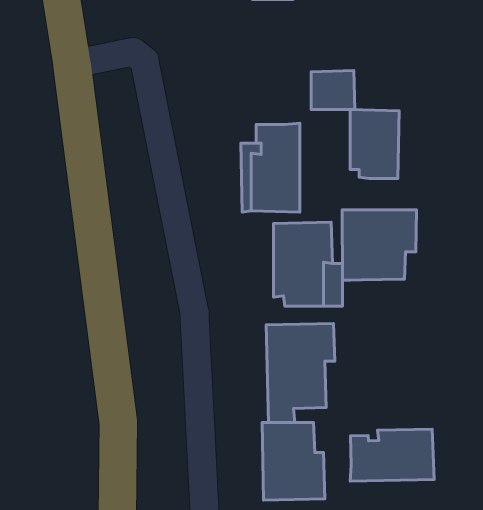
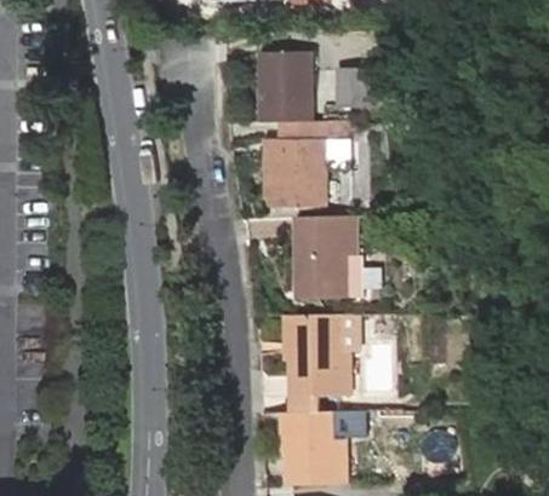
building: [350,110,399,178] -> [262,54,309,121]
building: [342,210,416,280] -> none
building: [350,429,434,481] -> none

